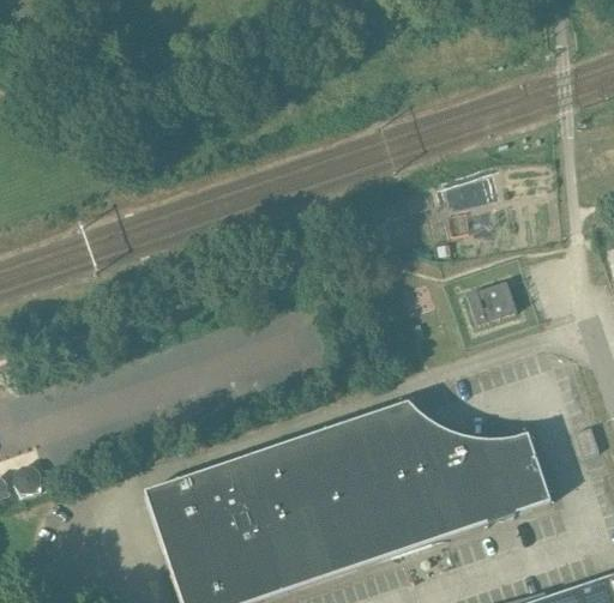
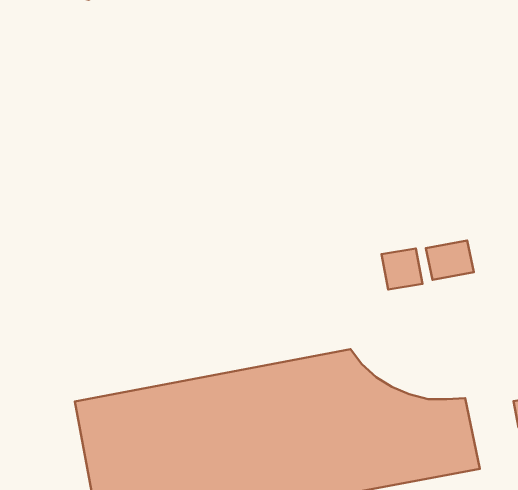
building: none -> [382,249,422,290]

